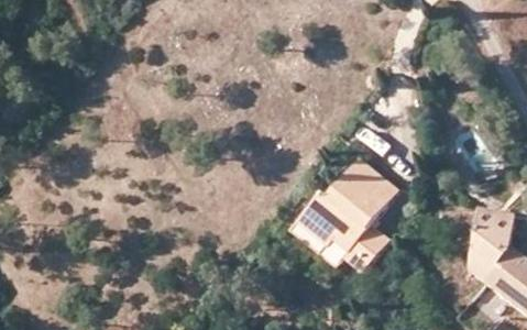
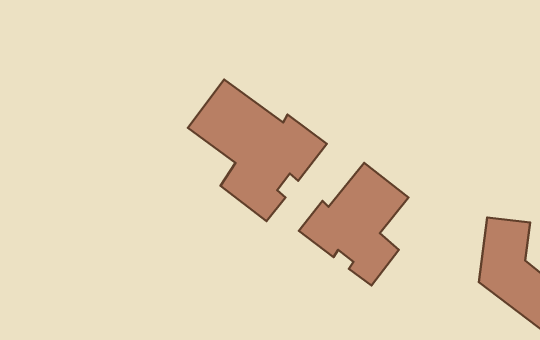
building: none -> [188,79,327,221]

